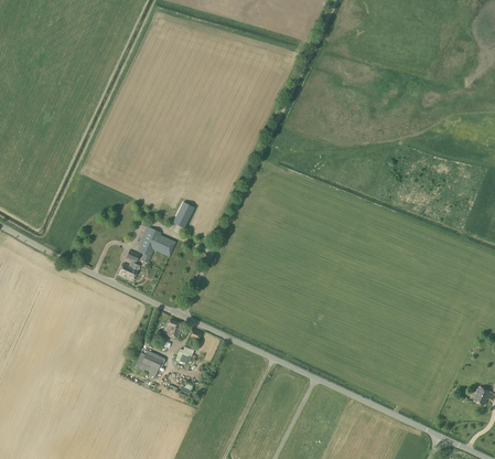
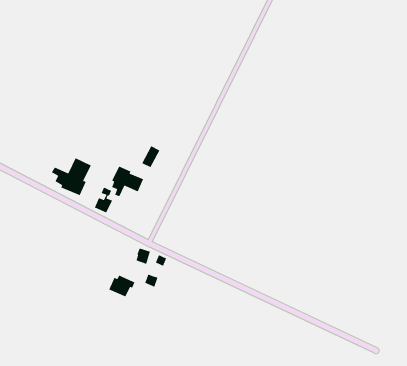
building: none -> [51,157,92,196]

